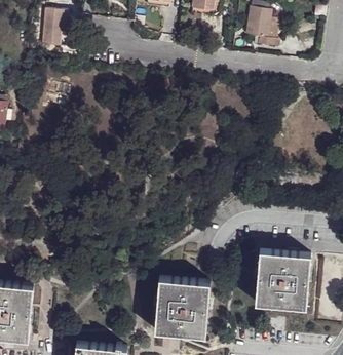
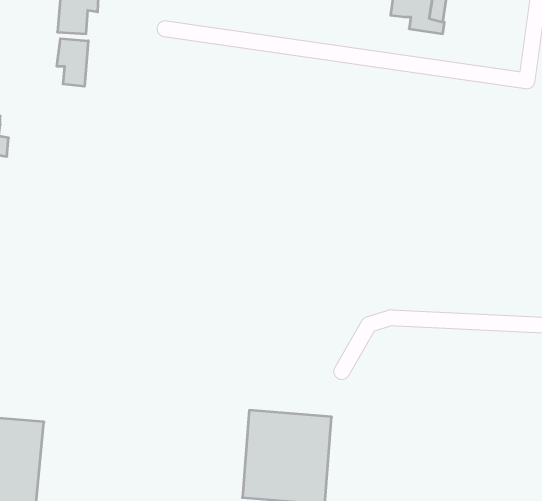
building: none -> [57,39,88,86]
building: [255,249,309,307] -> none

